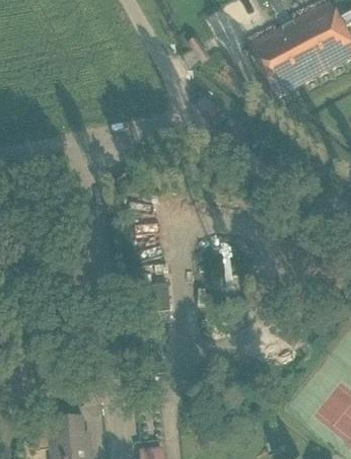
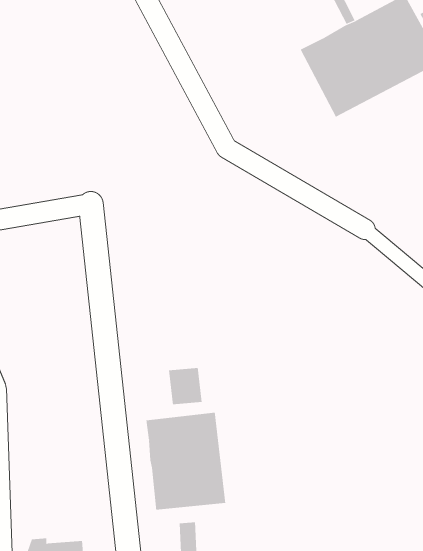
building: none -> [146,412,226,510]

